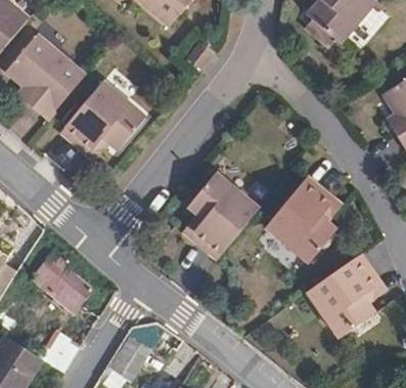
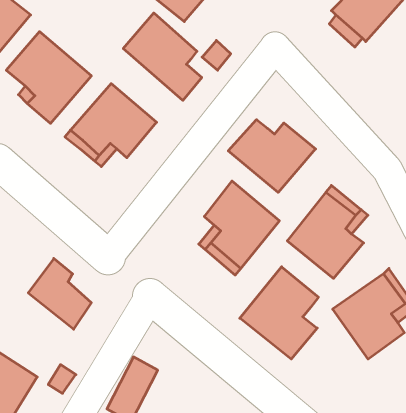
building: none -> [123,13,202,100]
building: none -> [228,120,316,192]
building: none -> [240,267,318,359]

